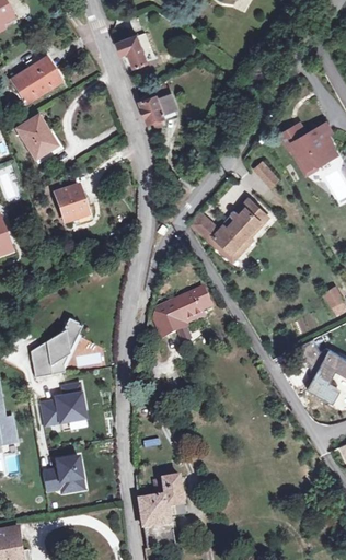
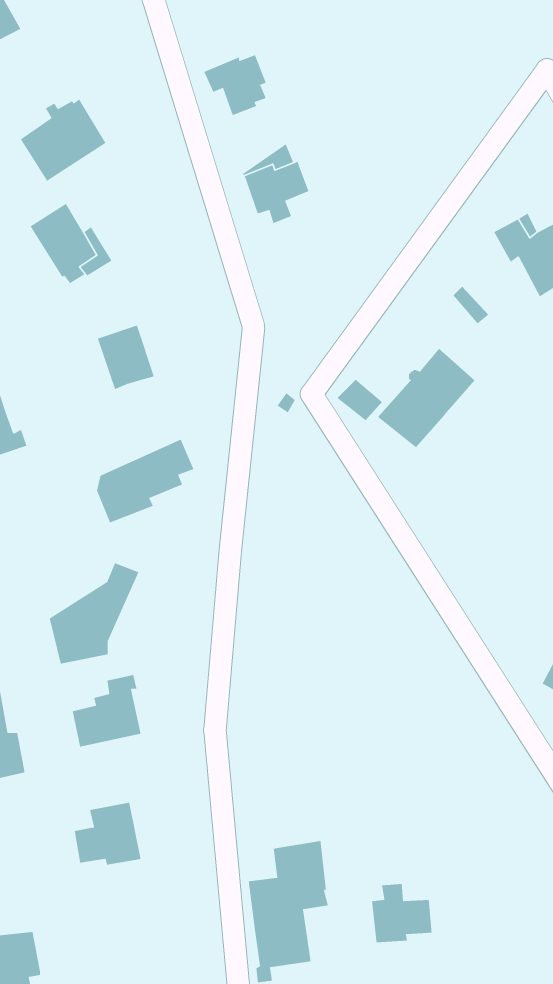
building: [155,288,211,336] -> [96,439,195,524]
building: none -> [371,883,433,943]

